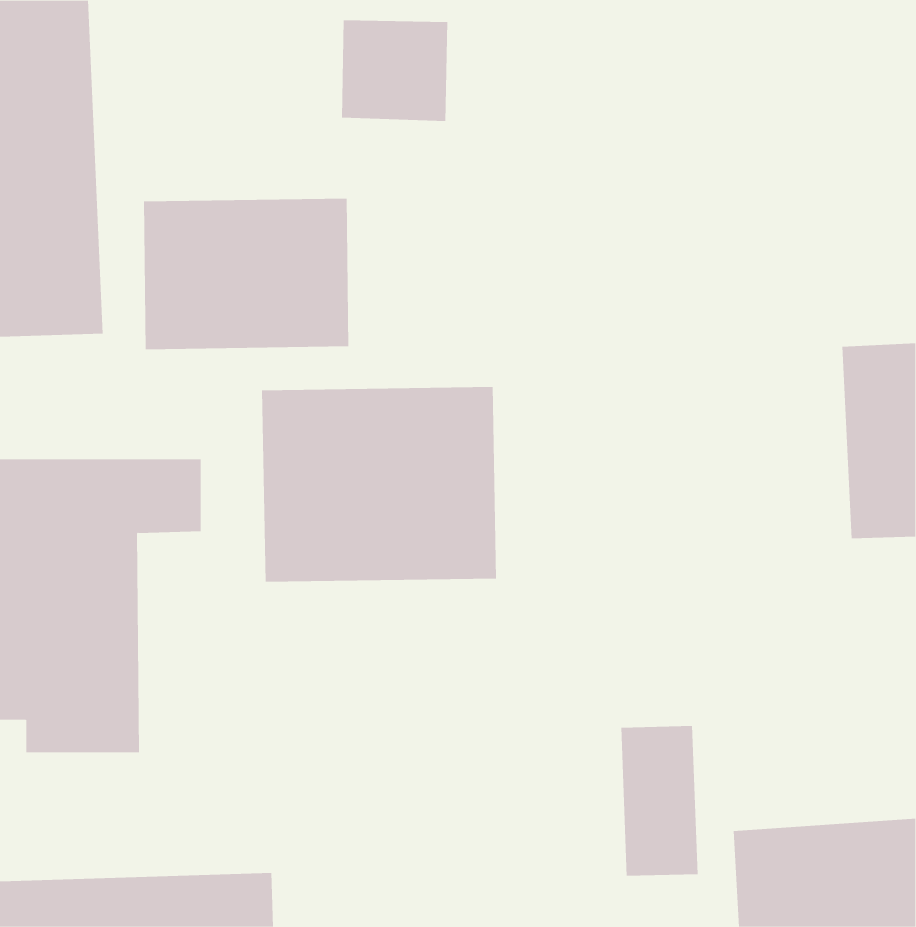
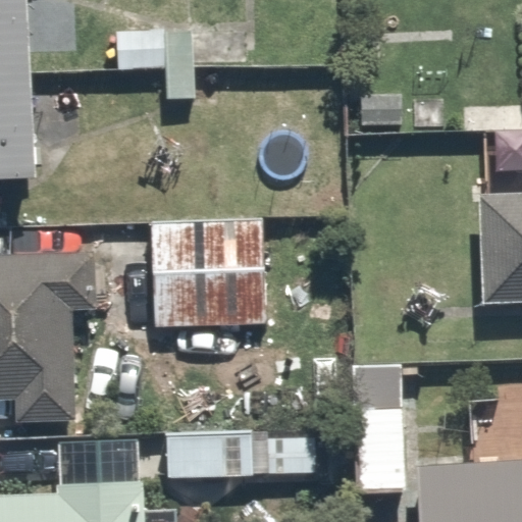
building: [143,198,349,350] -> none
building: none -> [173,419,316,482]

